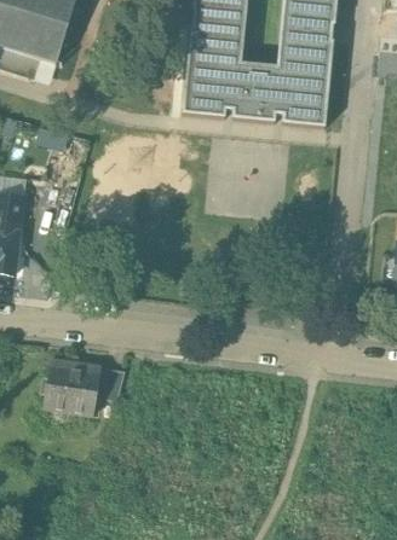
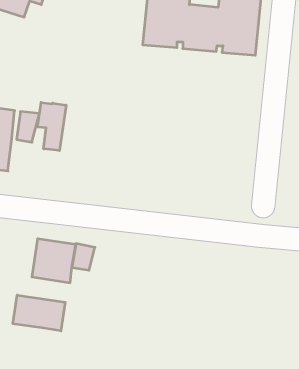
building: none -> [38,102,66,151]
building: none -> [13,295,65,331]

